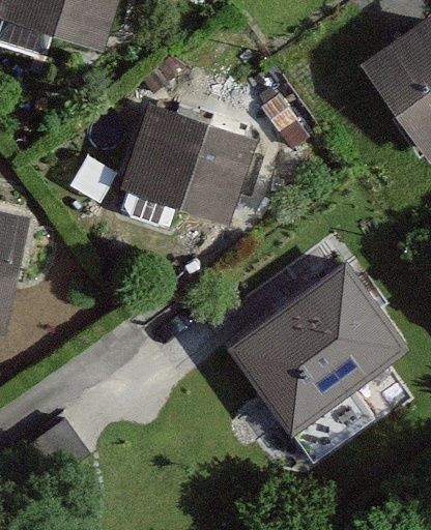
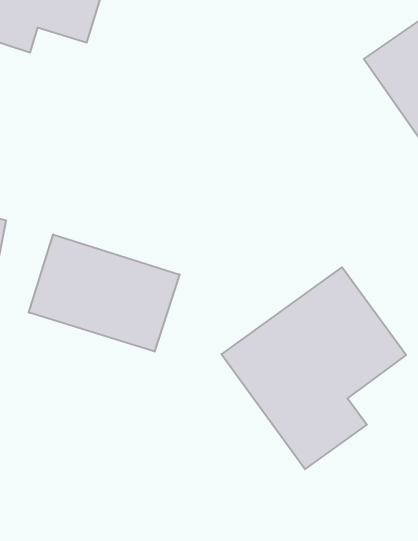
building: [116,109,251,228] -> none
building: none -> [29,234,180,352]

